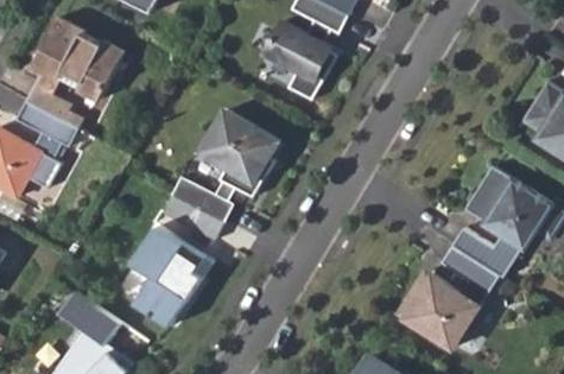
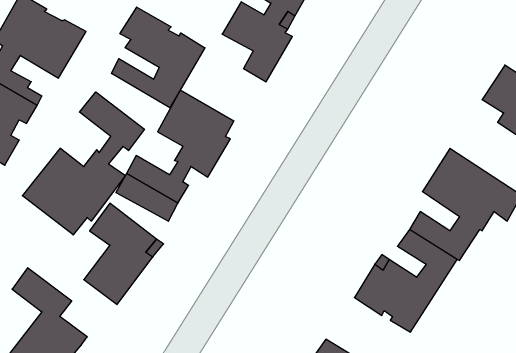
building: none -> [112,7,205,108]
building: none -> [22,92,144,235]

